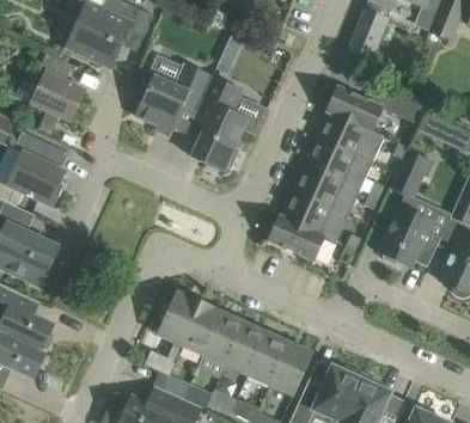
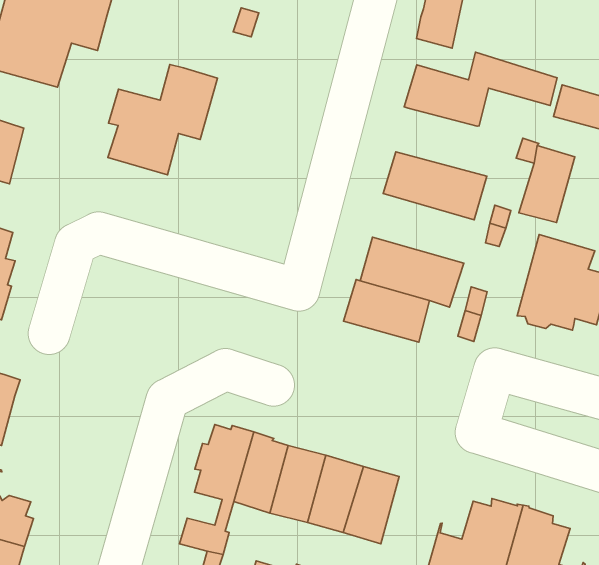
building: [191,75,248,171] -> none
building: [317,112,384,163] -> none
building: [294,164,360,215] -> none
building: [270,343,311,393] -> none

